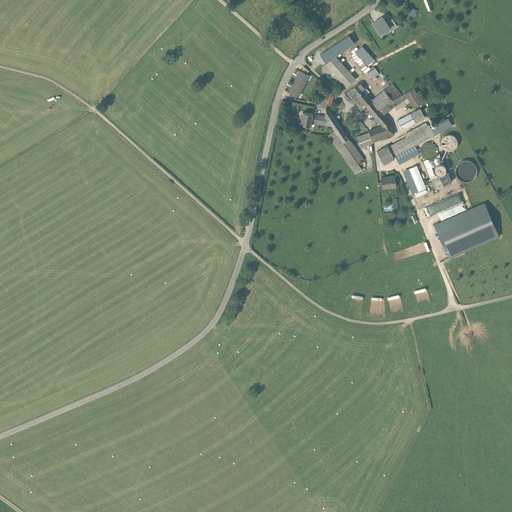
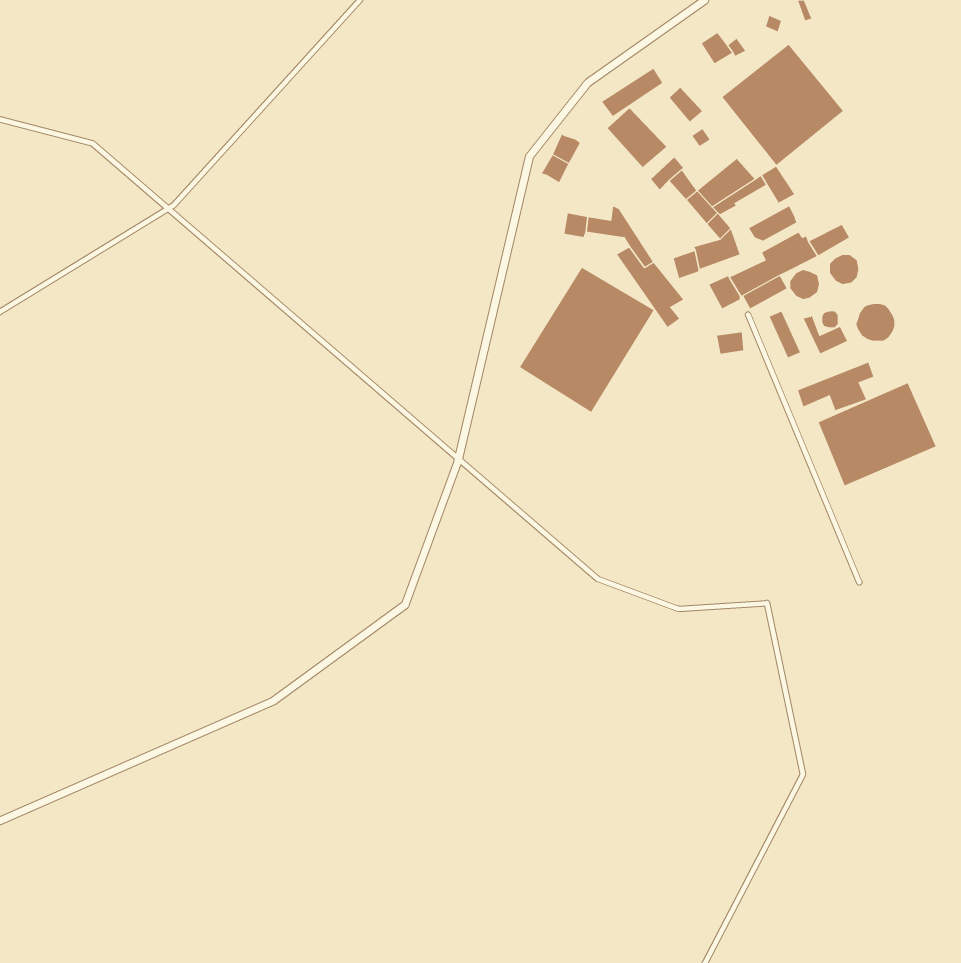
building: none -> [721,44,844,166]
building: none -> [519,267,654,413]

